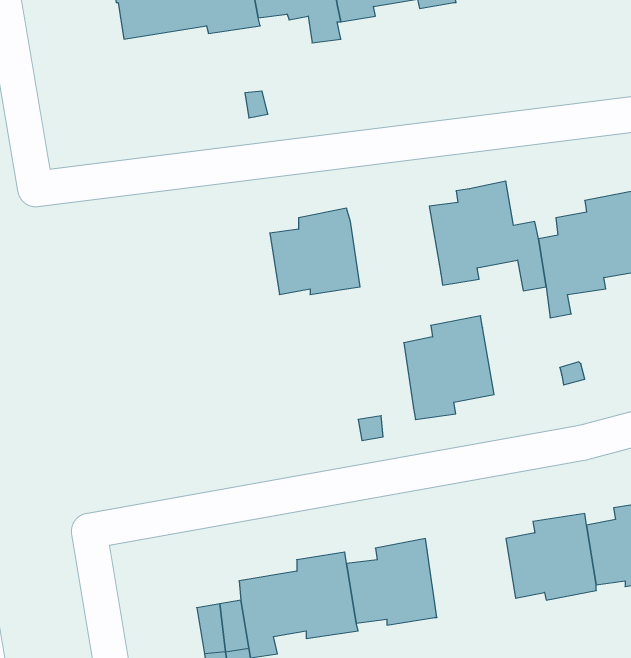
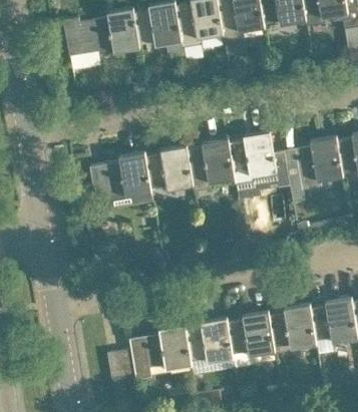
building: none -> [89,151,153,204]
building: [404,316,494,420] -> [188,137,235,191]
building: none -> [228,311,275,368]

